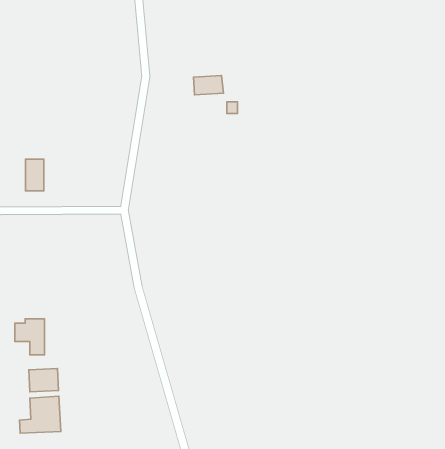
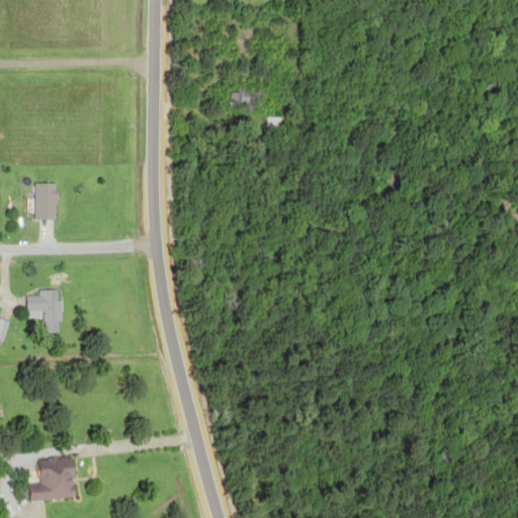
building: [15,319,45,355] -> [26,289,61,331]
building: [29,369,59,392] -> none

